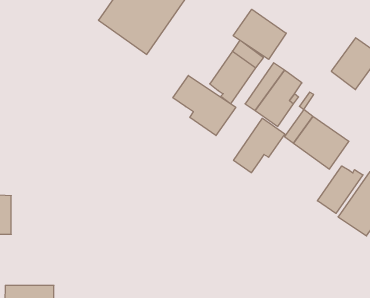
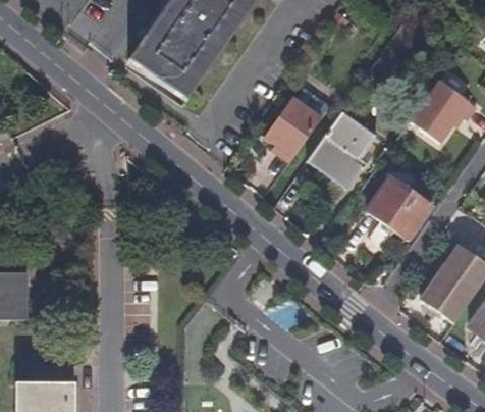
building: [233,9,286,59] -> none
building: [173,75,236,136] -> none
building: [234,118,285,173] -> none
building: [317,166,363,213] -> none

